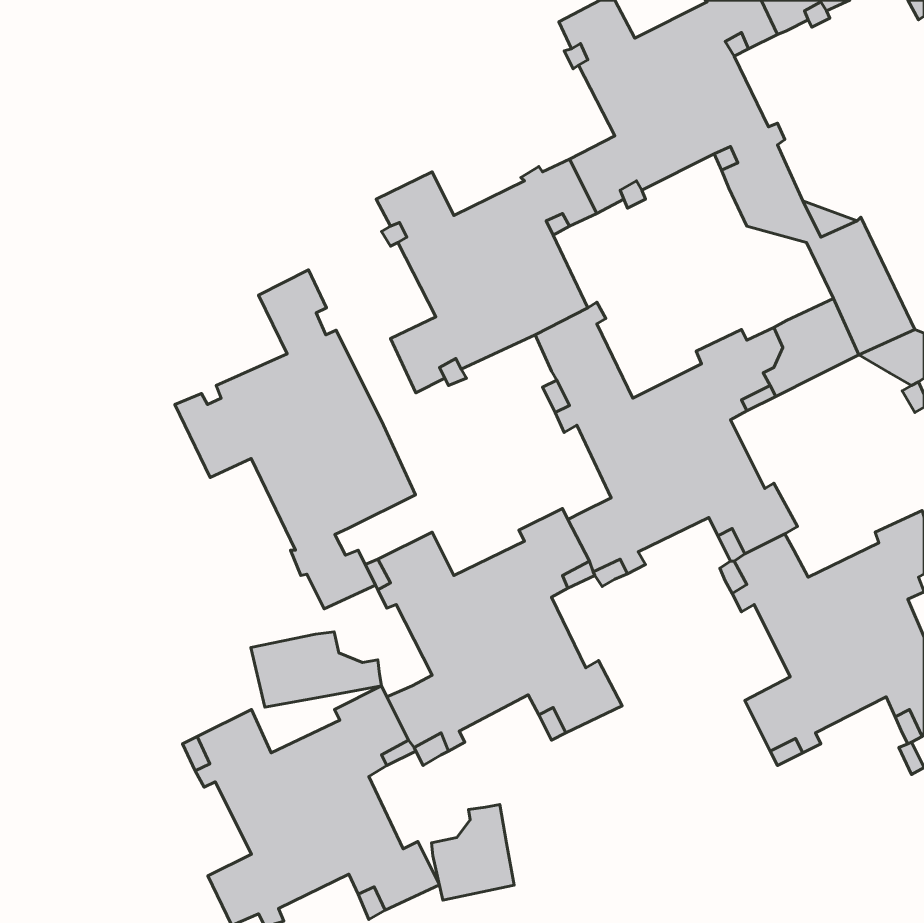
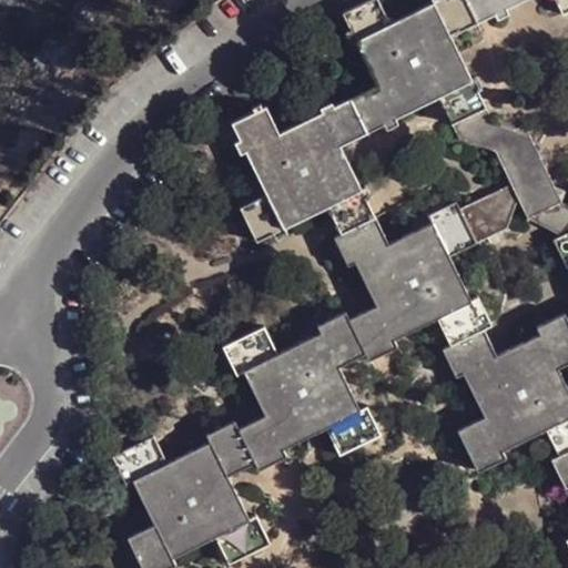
building: [175,270,415,609] -> none
building: [251,632,382,707] -> none
building: [431,805,514,900] -> none

